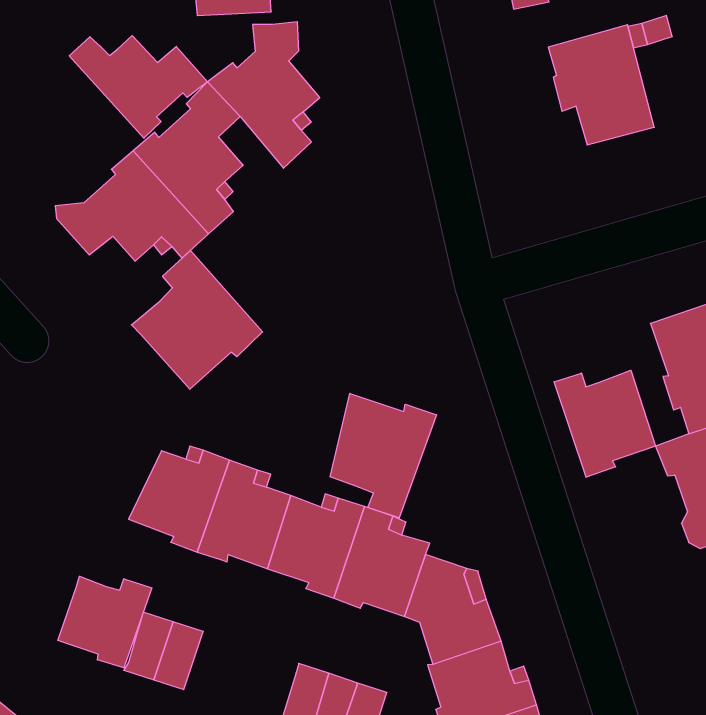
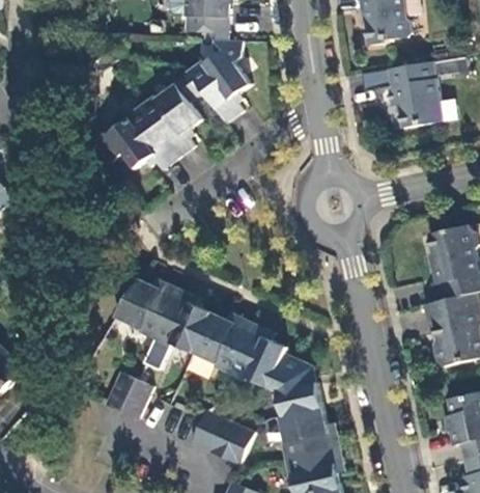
building: [69,36,208,138] -> none
building: [131,251,263,389] -> none
building: [554,370,656,477] -> none
building: [330,393,437,518] -> none
building: [58,576,152,668] -> none

